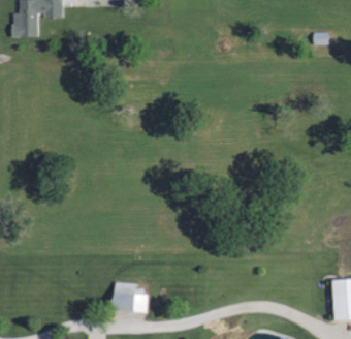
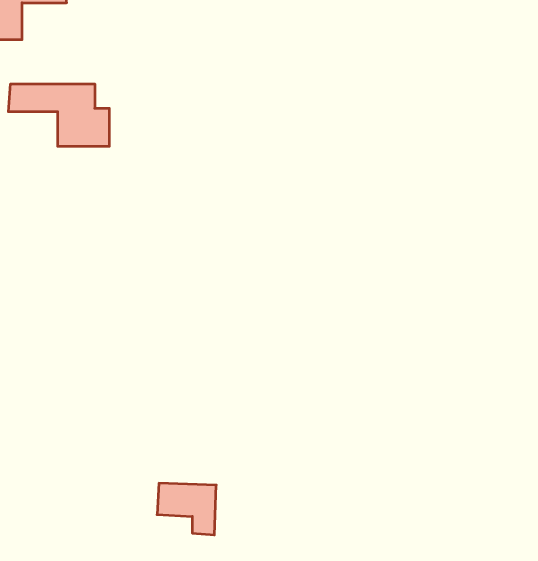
building: none -> [8,84,109,146]

